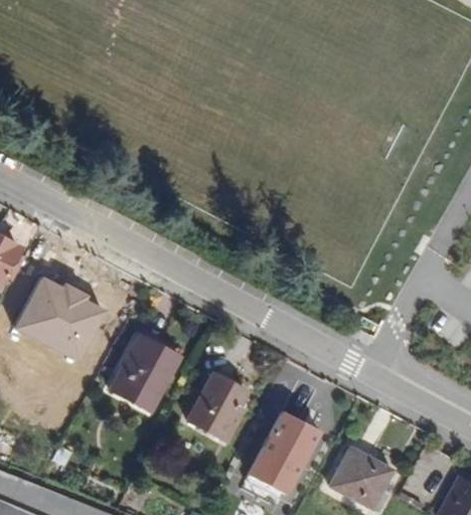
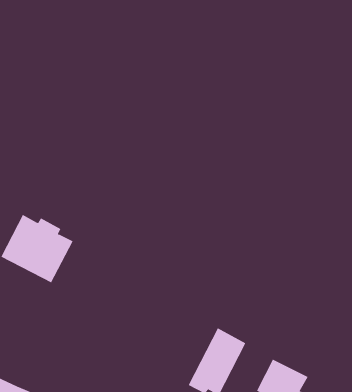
building: [108,337,176,411] -> none
building: [186,376,240,443] -> none

